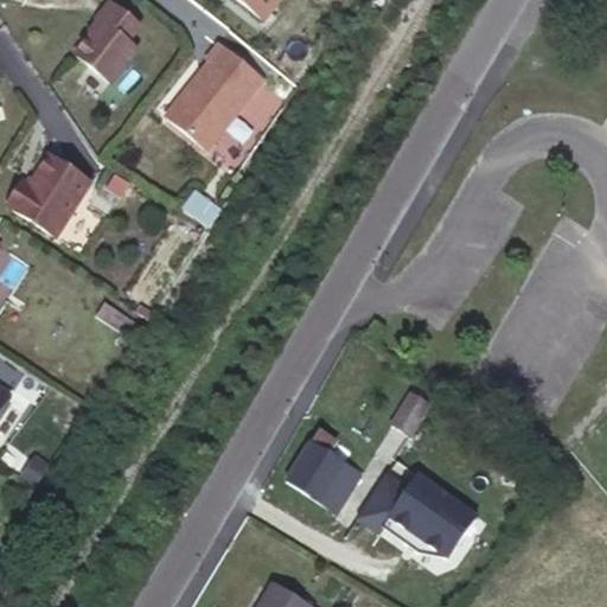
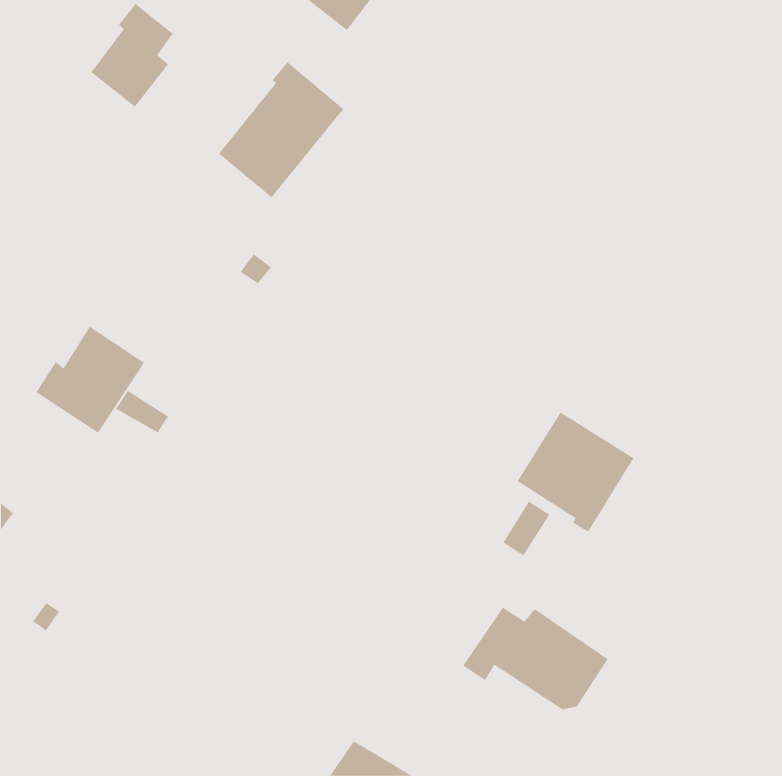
building: [11,156,95,239] -> [36,326,145,434]
building: none -> [517,411,634,533]
building: [283,423,352,510] -> none

